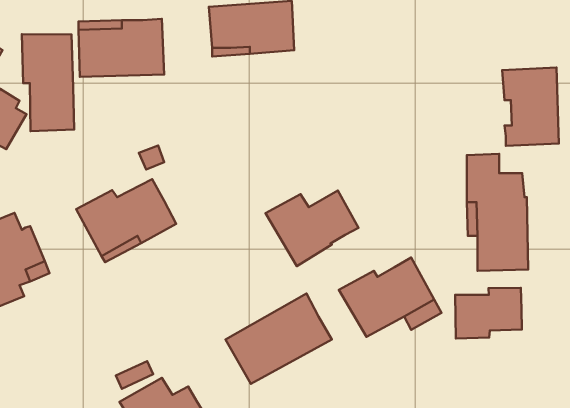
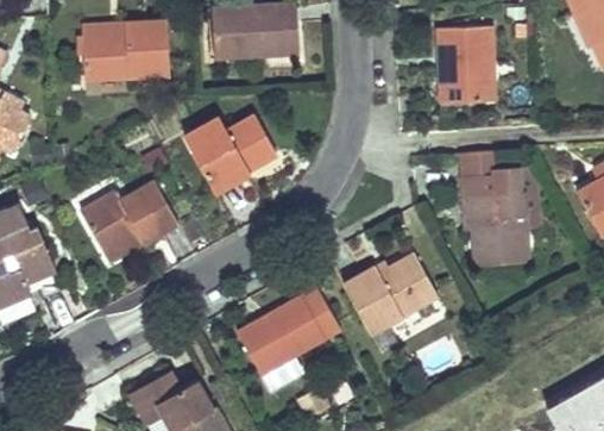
building: [22,34,74,131] -> none
building: [502,68,559,146] -> [435,25,491,102]
building: [266,190,358,266] -> [184,114,276,189]
building: [455,288,522,338] -> none

